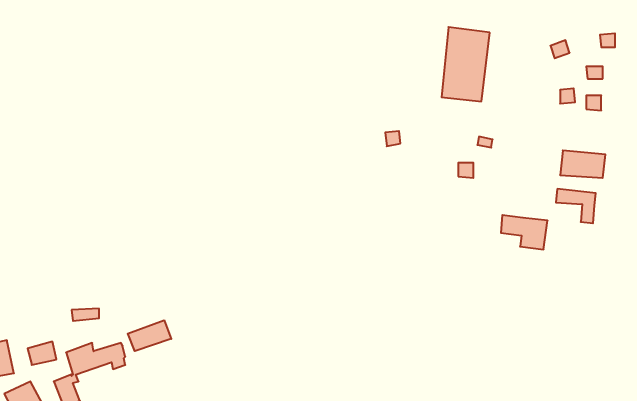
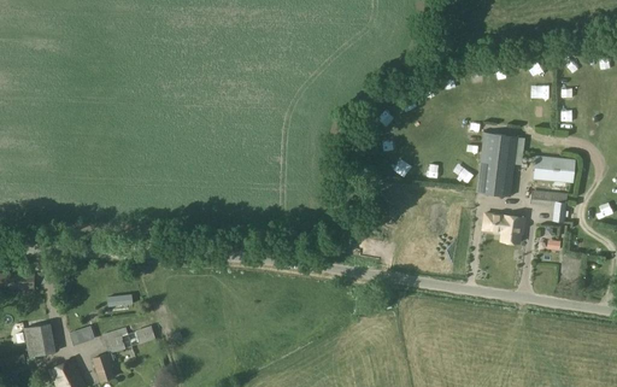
building: [442,27,490,101] -> [475,131,517,197]
building: [128,320,171,351] -> none

